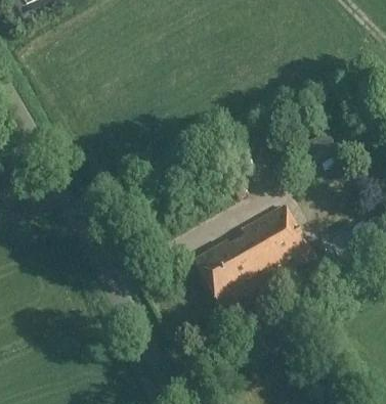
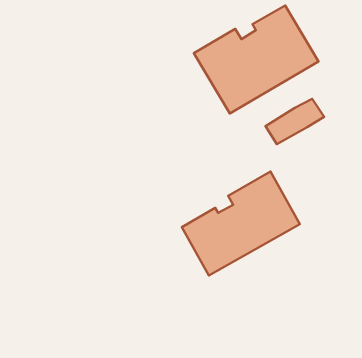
building: none -> [194,5,318,113]

